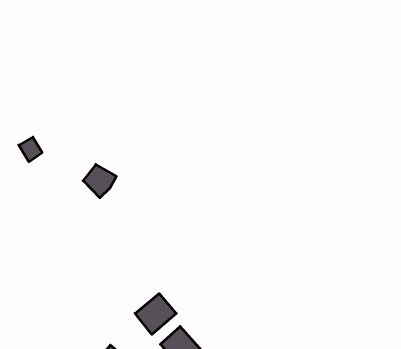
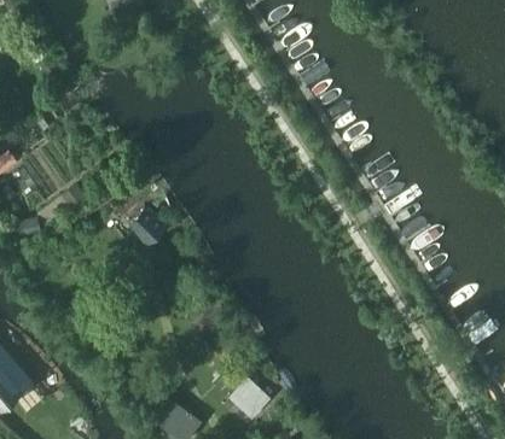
building: [135,294,176,334] -> none

